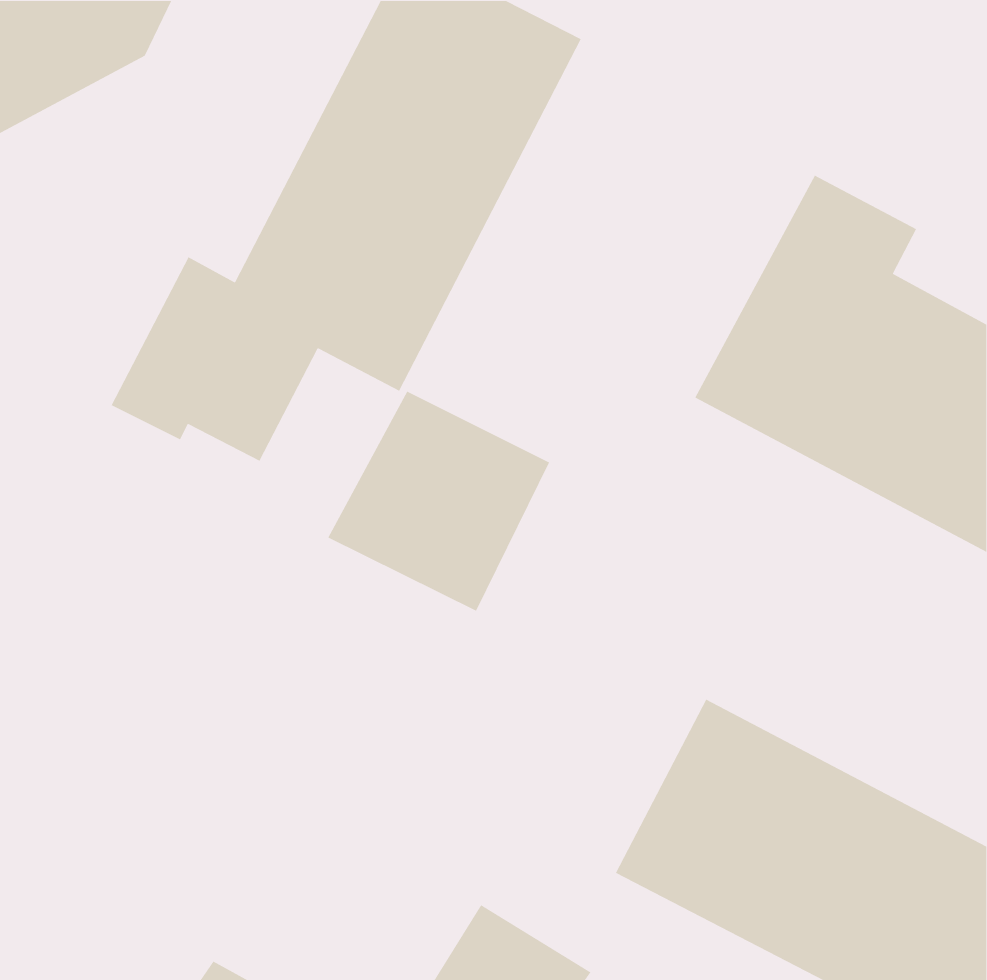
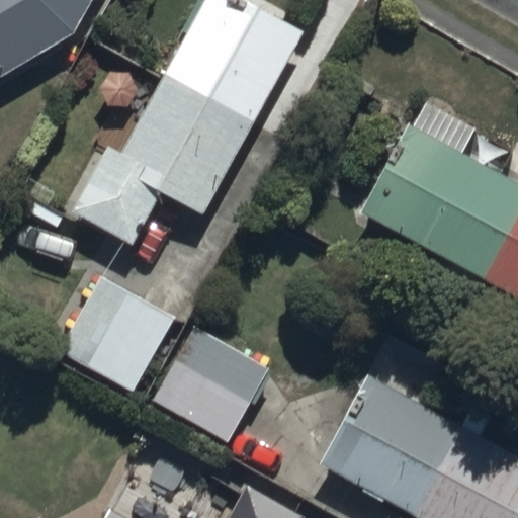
building: [327,390,550,612] -> [152,327,268,442]
building: none -> [50,276,173,397]

